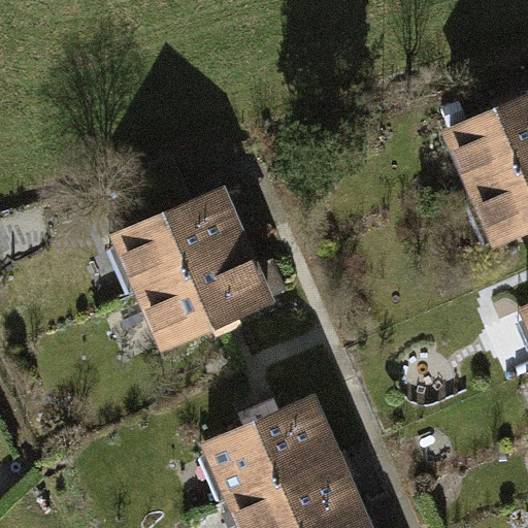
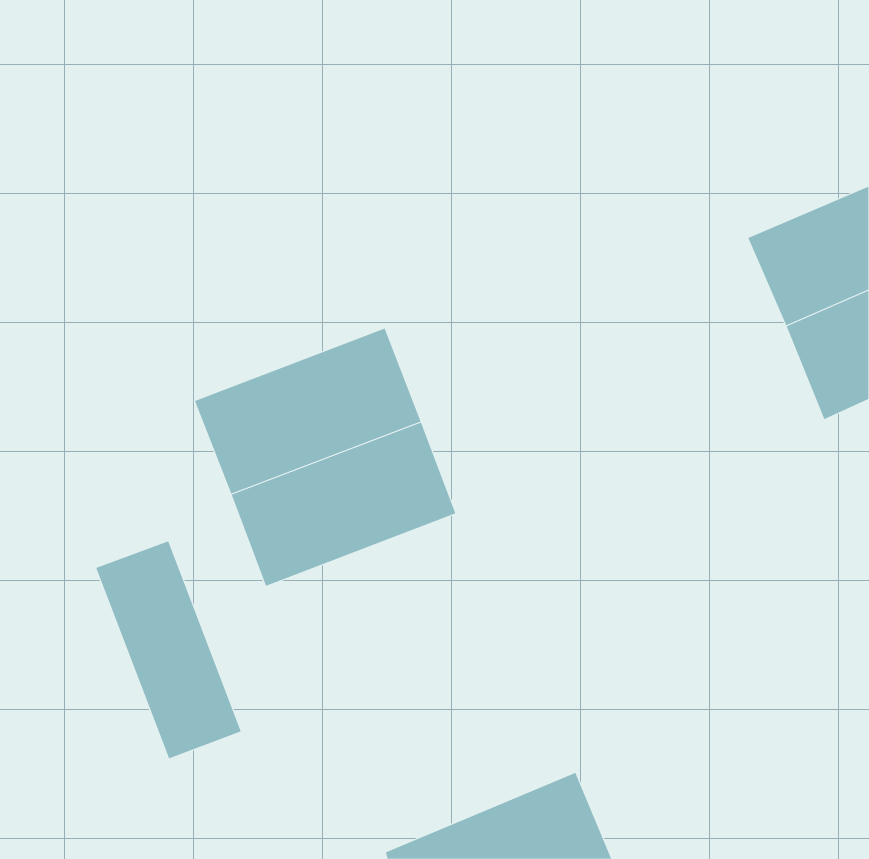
building: none -> [96,540,242,759]
building: [206,406,342,506] -> none

